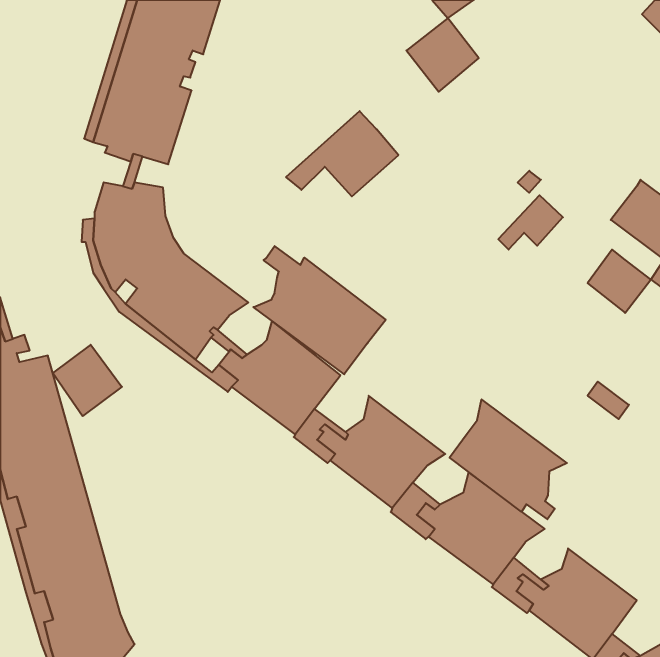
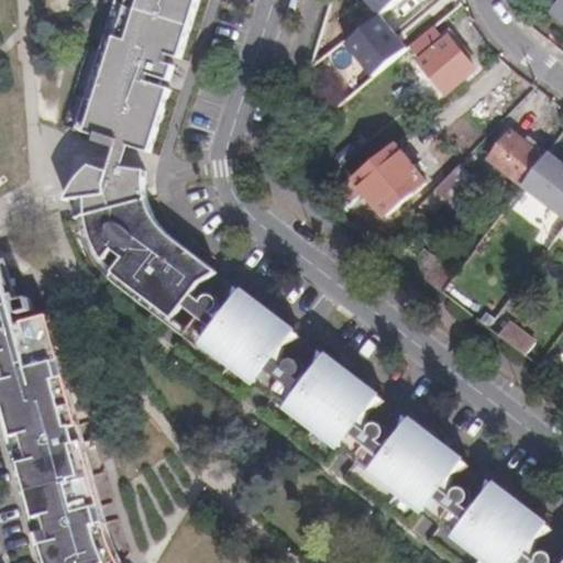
building: none -> [409,34,476,101]
building: [286,111,398,196] -> [328,150,423,222]
building: [253,246,386,374] -> none
building: [588,250,651,313] -> [488,136,542,190]
building: [53,345,122,416] -> none
building: [450,399,567,519] -> none

